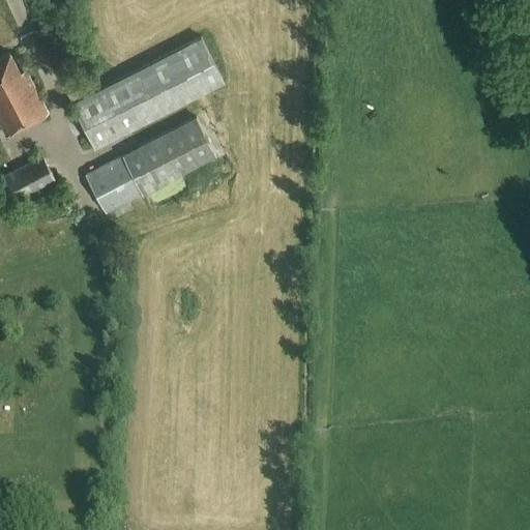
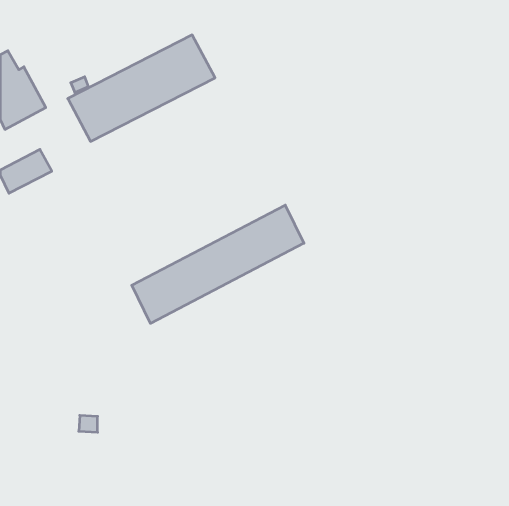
building: [85,120,215,214] -> none
building: none -> [132,205,304,323]

